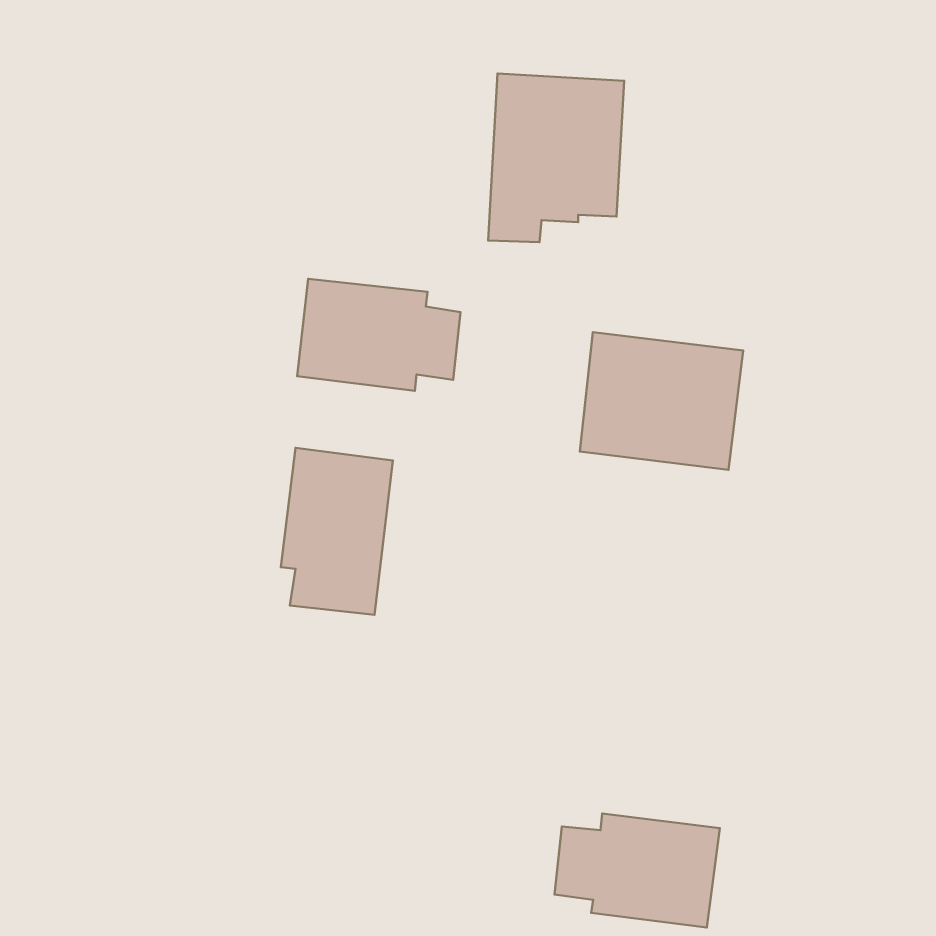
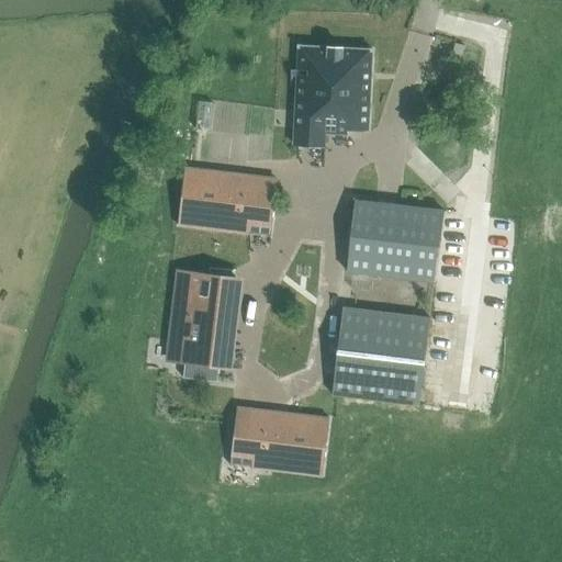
building: none -> [331,307,431,405]
building: [555,814,720,927] -> [231,407,329,475]

